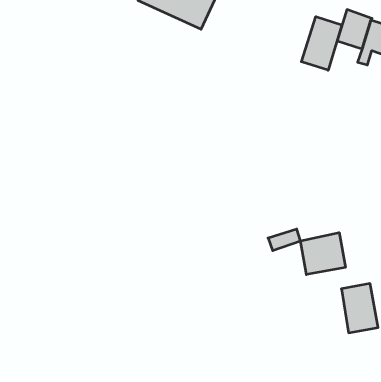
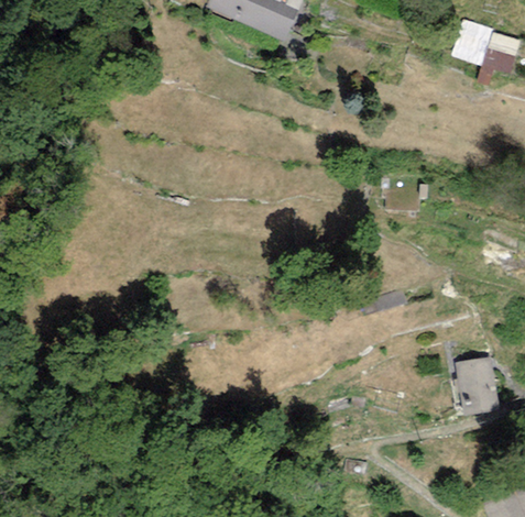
building: [301,17,342,70] -> none
building: [300,233,345,275] -> none

